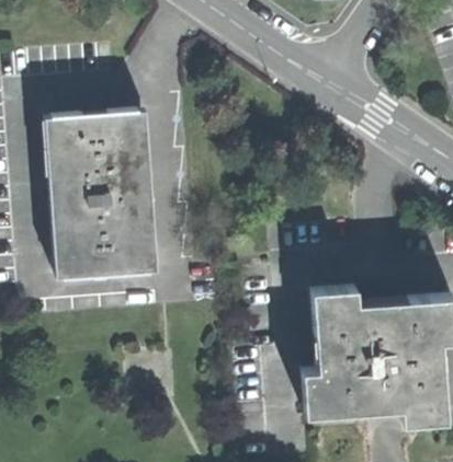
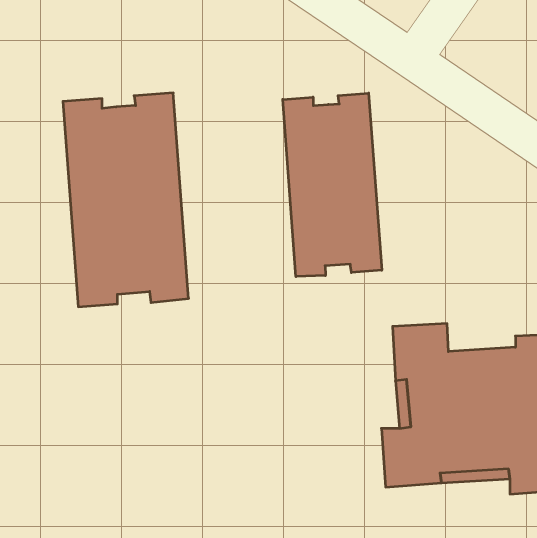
building: none -> [283,93,382,277]

